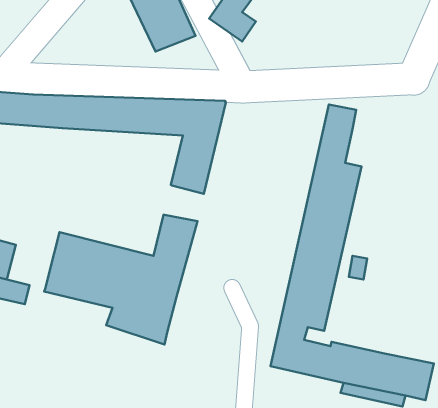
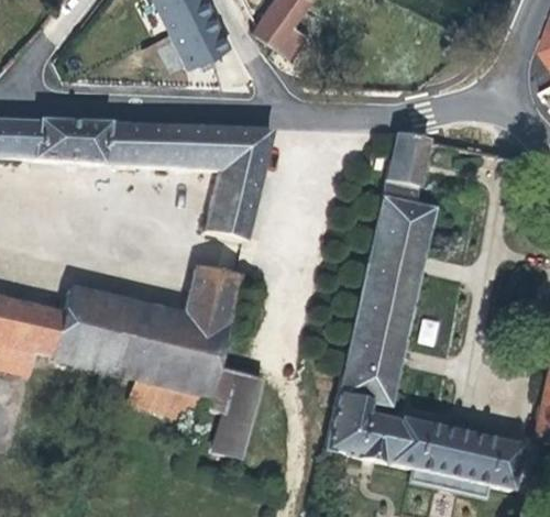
building: none -> [9,300,66,353]
building: none -> [202,363,264,457]

